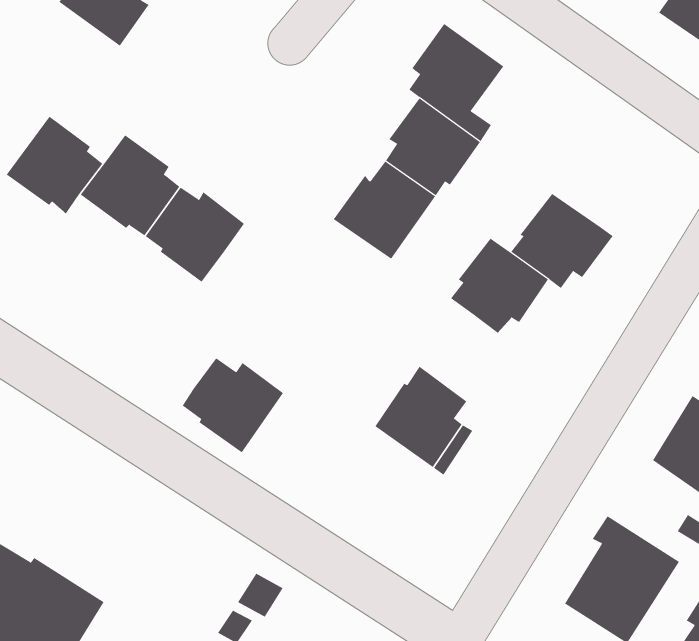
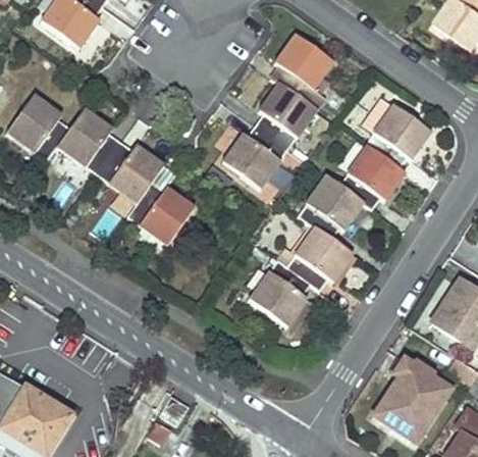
building: none -> [363,95,432,166]
building: none -> [278,224,353,289]
building: [182,358,284,453] -> [127,183,195,246]

